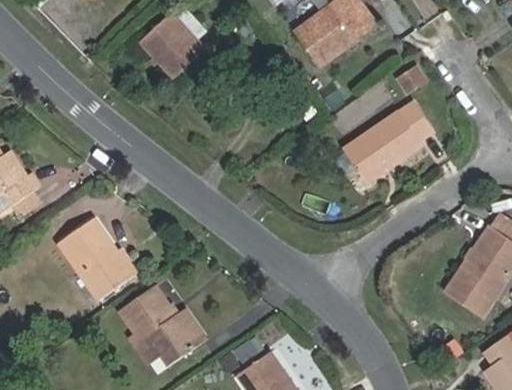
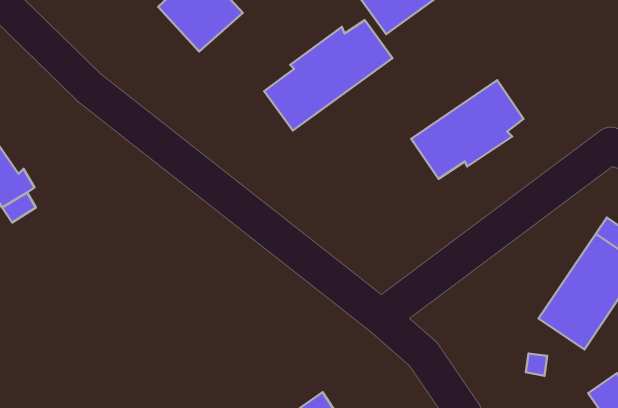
building: none -> [264,20,393,131]
building: [58,216,136,300] -> none
building: [118,282,206,357] -> none

